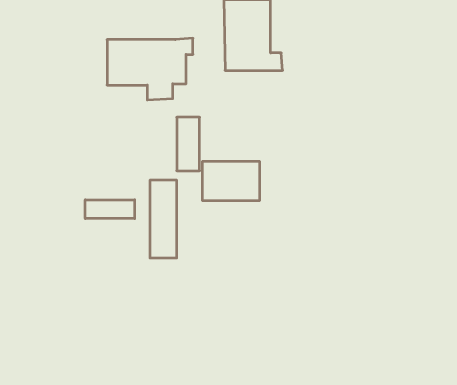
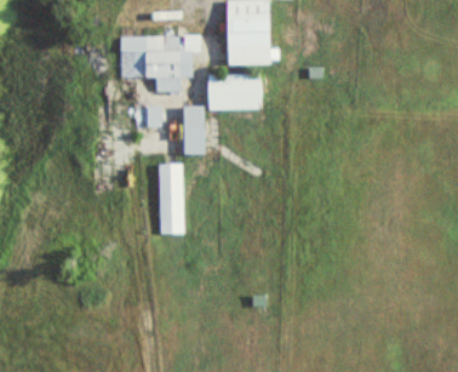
building: [202,162,260,200] -> [208,74,261,109]
building: [85,200,135,219] -> none

